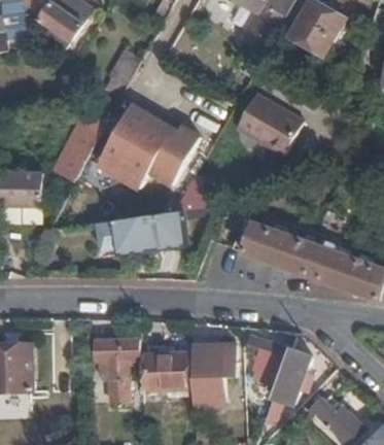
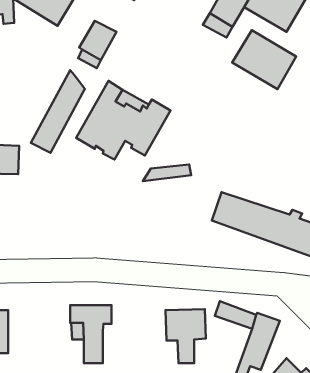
building: [233,93,300,155] -> [232,30,296,89]
building: [101,213,189,255] -> none
building: [144,353,186,389] -> none

